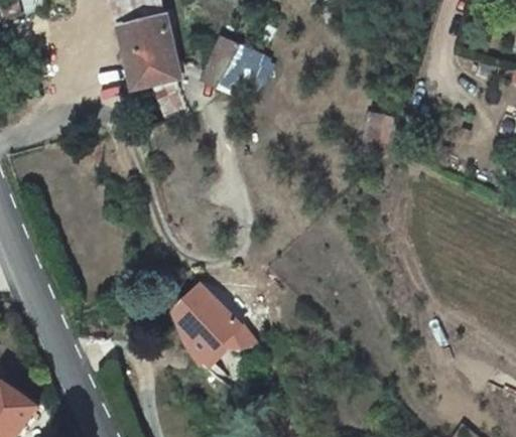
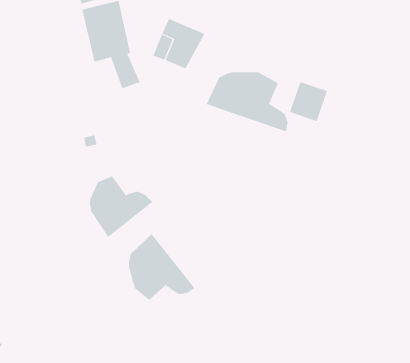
building: none -> [206,72,288,132]
building: none -> [89,176,153,238]

